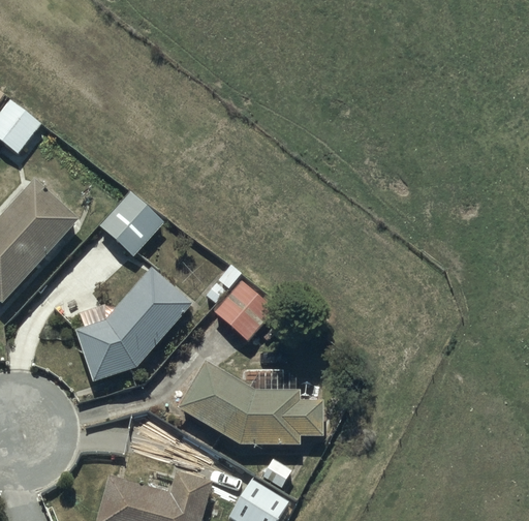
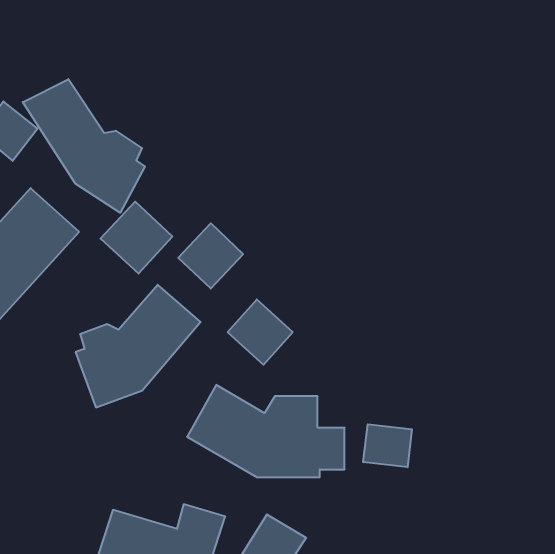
building: none -> [23,79,145,213]
building: none -> [178,223,243,289]
building: none -> [363,424,412,467]

